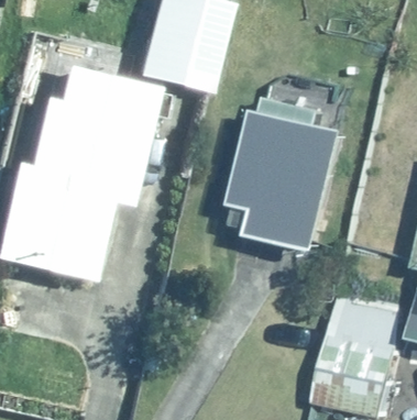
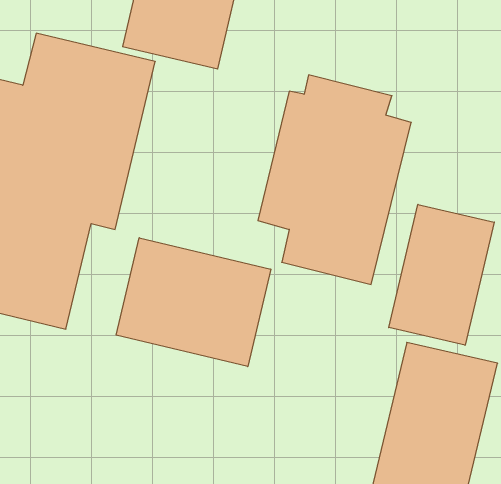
building: none -> [389,204,494,345]
building: none -> [116,238,271,367]

